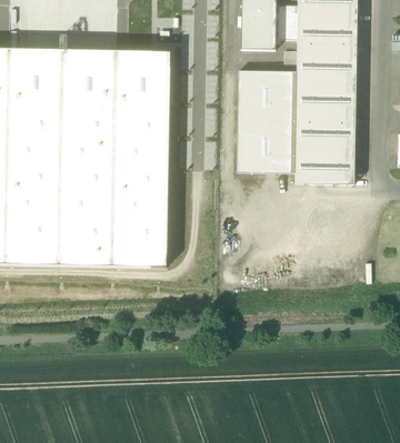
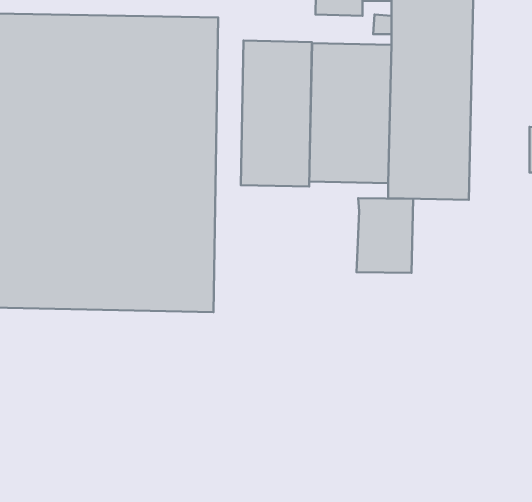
building: none -> [241,41,312,187]
building: none -> [356,198,413,273]

